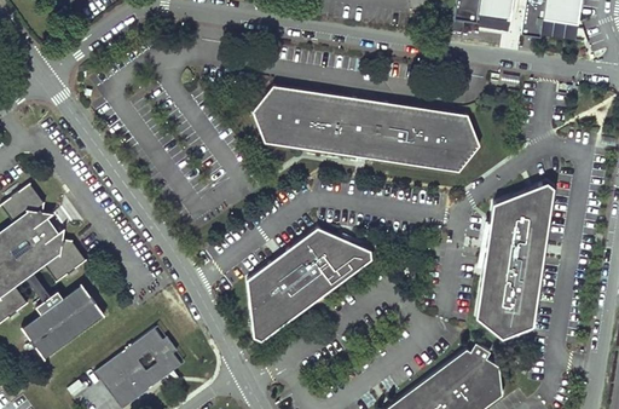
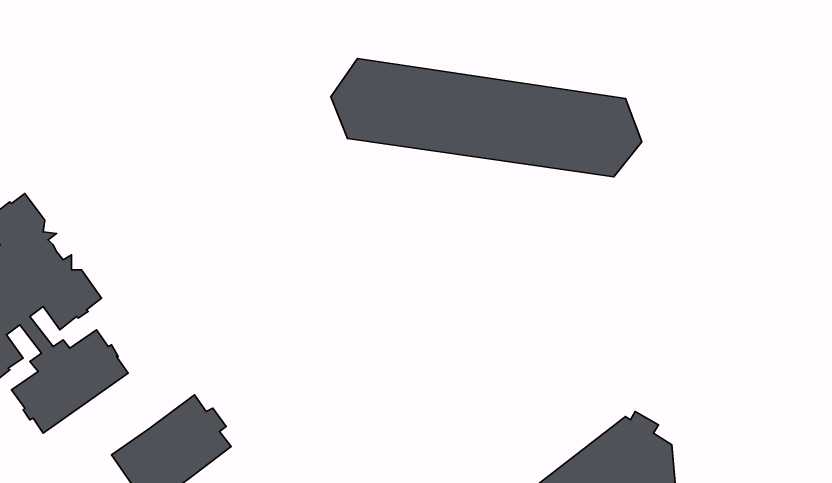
building: [475,179,554,336] -> none
building: [243,231,368,346] -> none

